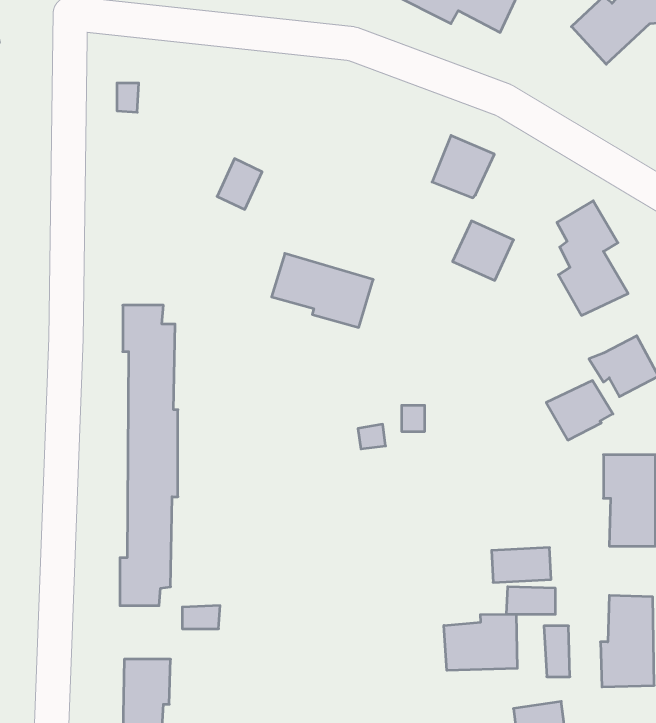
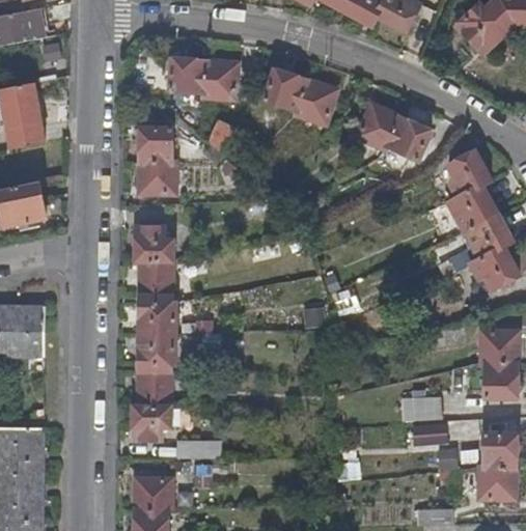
building: none -> [171,58,238,97]
building: none -> [140,125,176,191]
building: [453,221,514,280] -> [388,116,432,159]
building: [272,253,373,327] -> [264,68,336,121]
building: [546,381,613,440] -> [464,216,511,258]
building: [444,614,517,670] -> none

